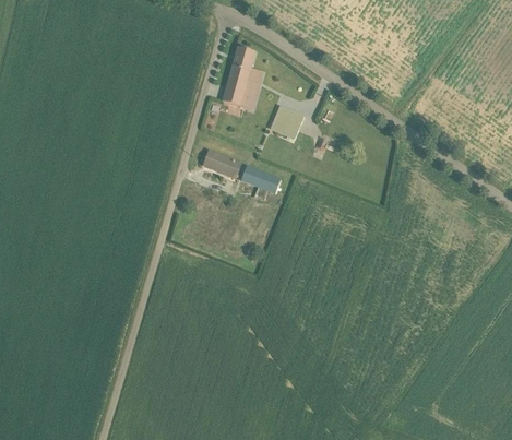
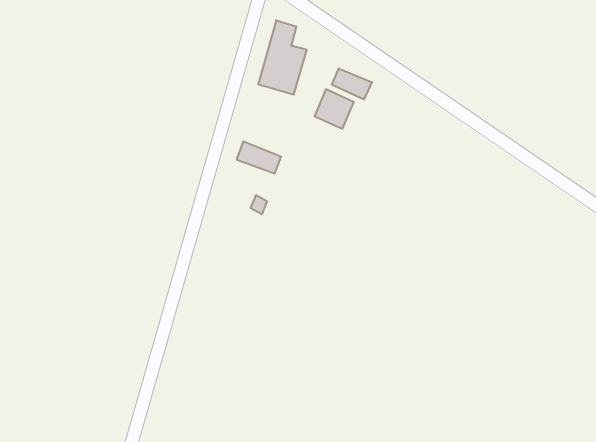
building: none -> [332,68,372,99]
building: [240,165,281,200] -> none

